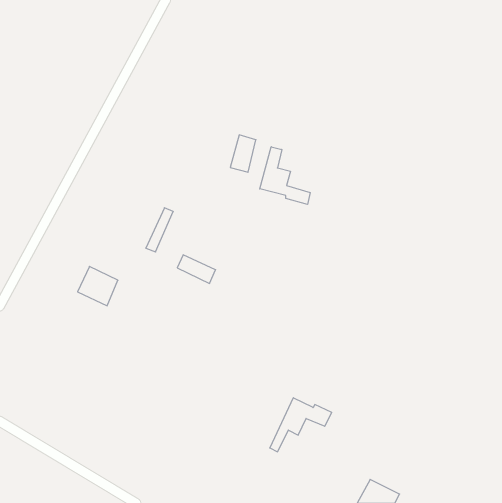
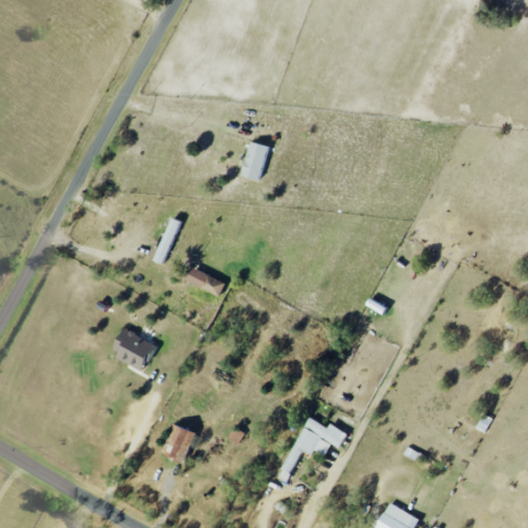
building: [260,147,310,204] -> none
building: [78,266,118,306] -> [111,329,154,370]
building: none -> [162,424,195,461]

